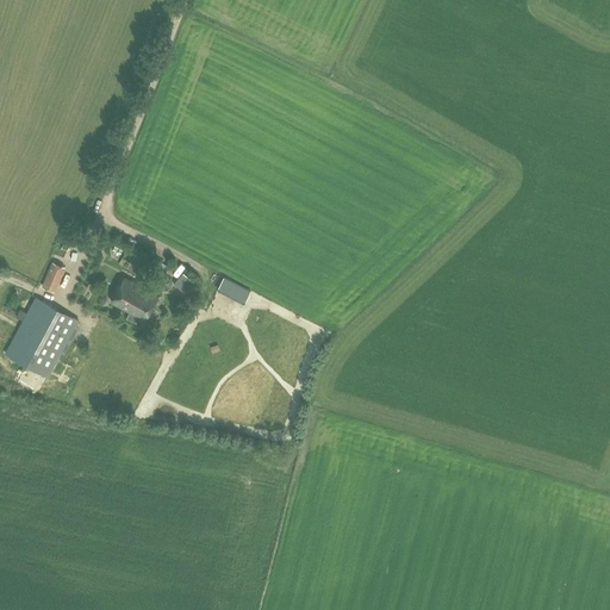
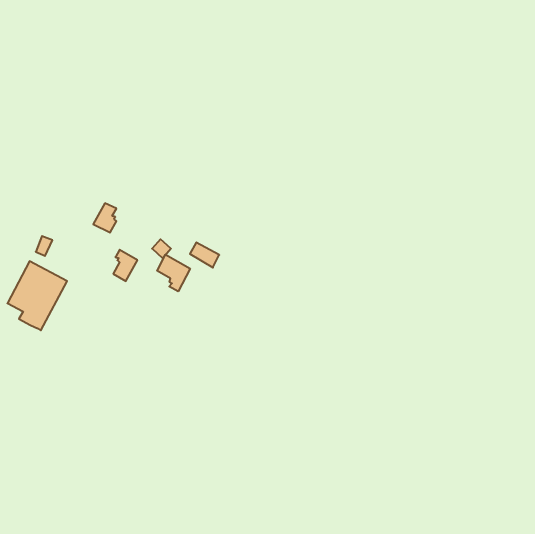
building: [110,280,136,313] -> [93,203,116,233]
building: none -> [157,255,190,291]

